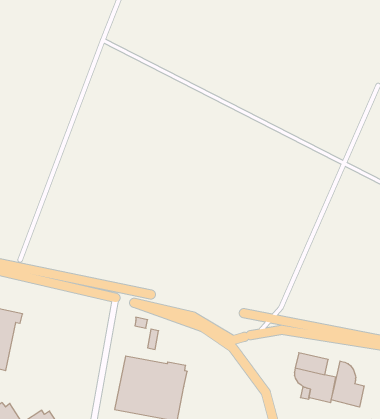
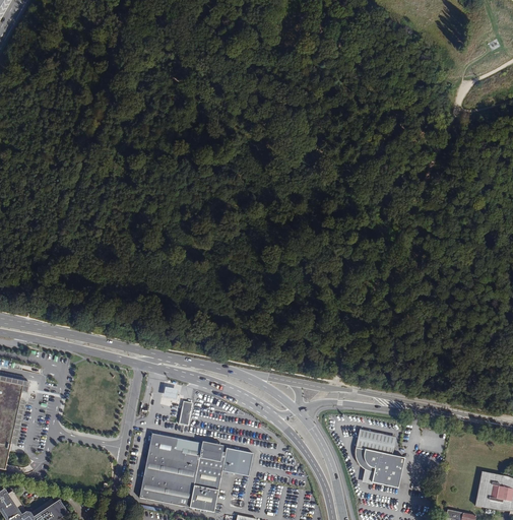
building: [331,361,364,407] -> none
building: none -> [221,447,253,475]

